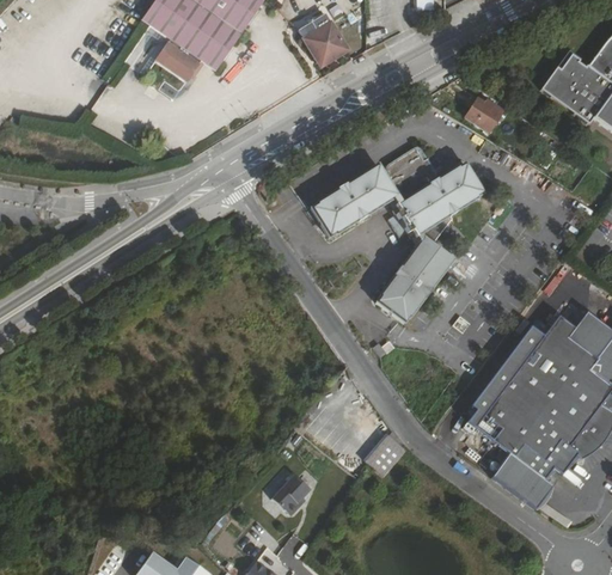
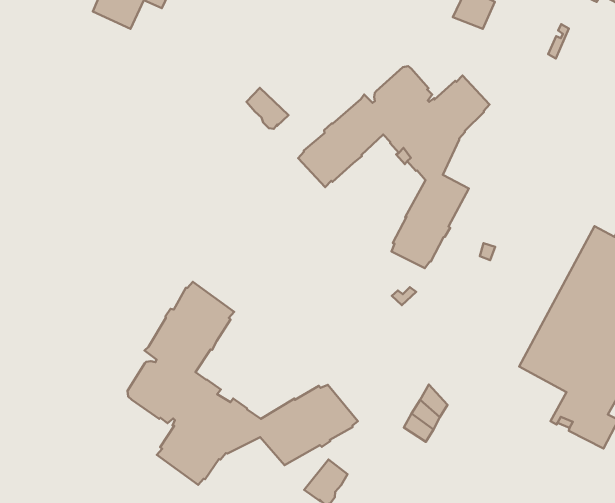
building: none -> [246,88,289,129]
building: none -> [127,282,358,485]

